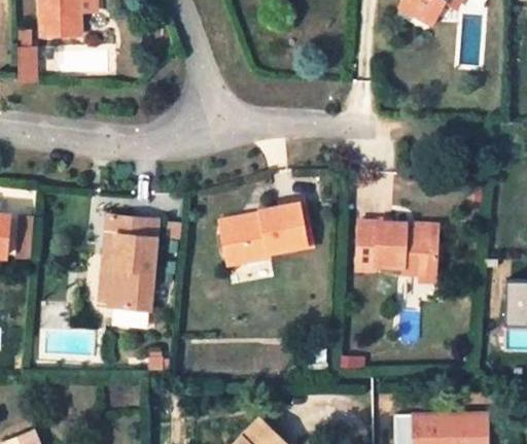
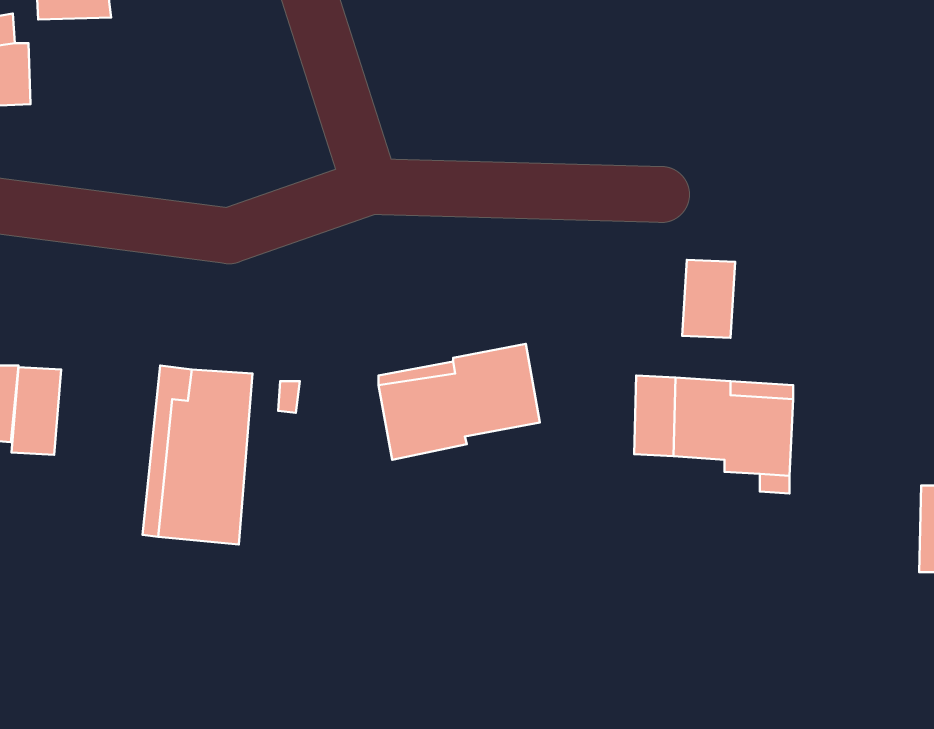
building: none -> [682,260,735,338]
building: none -> [12,367,61,455]

